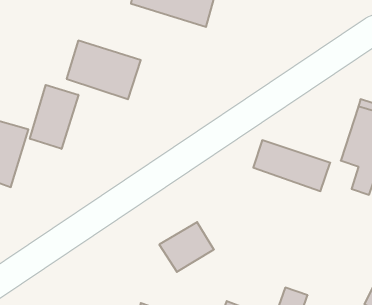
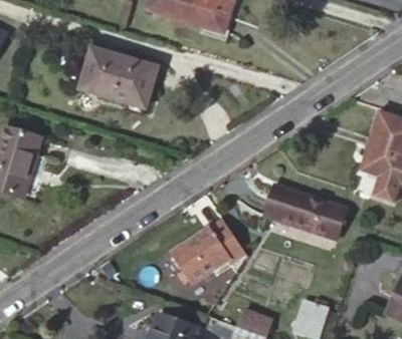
building: [30,85,78,149] -> none
building: [253,140,330,191] -> [268,188,348,240]

